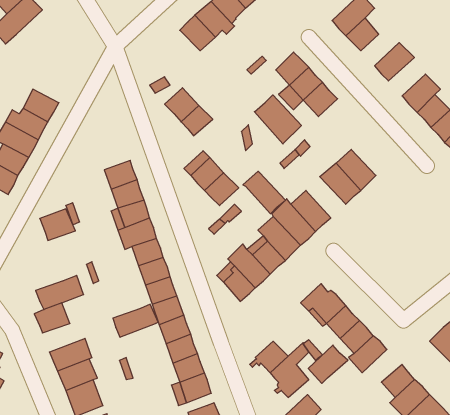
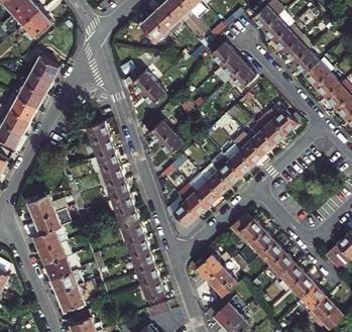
building: none -> [21,11,49,40]
building: none -> [274,24,303,52]
building: none -> [295,46,323,75]
building: none -> [28,57,60,80]
building: [254,95,301,144] -> none
building: none -> [267,103,298,133]
building: [243,171,285,214] -> [232,133,263,164]
building: [40,209,75,240] -> [29,195,55,218]
building: [113,304,158,337] -> [40,239,74,263]
building: [308,345,348,383] -> [275,261,305,290]

